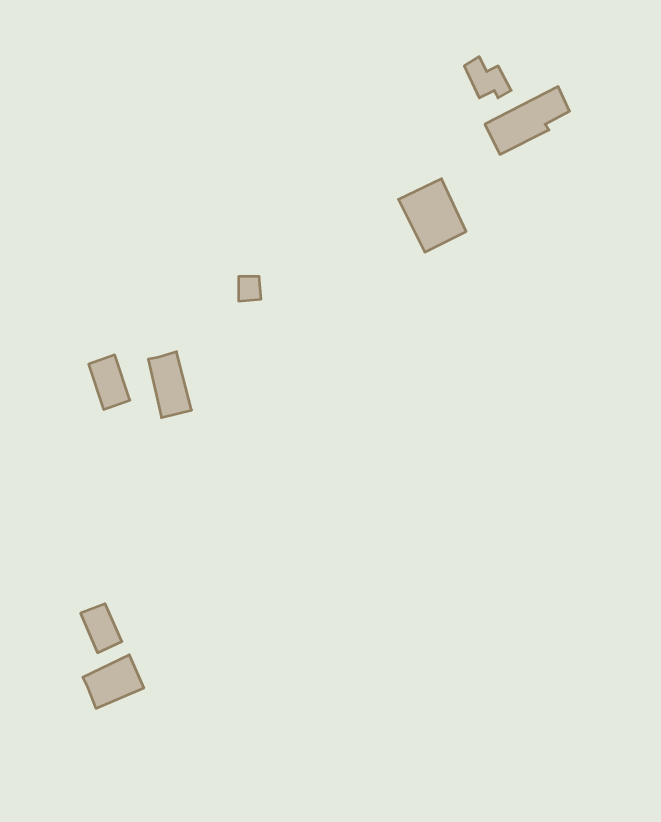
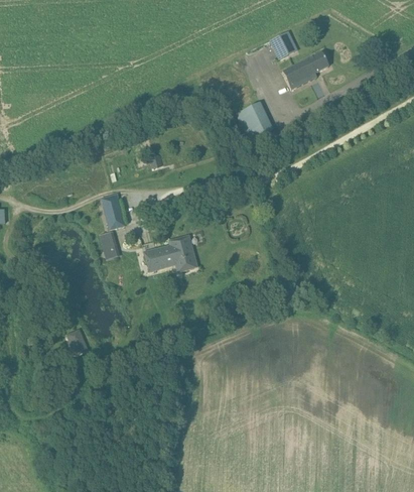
building: [89,355,130,409] -> [98,230,120,259]
building: none -> [144,235,196,270]
building: [83,655,144,708] -> none

